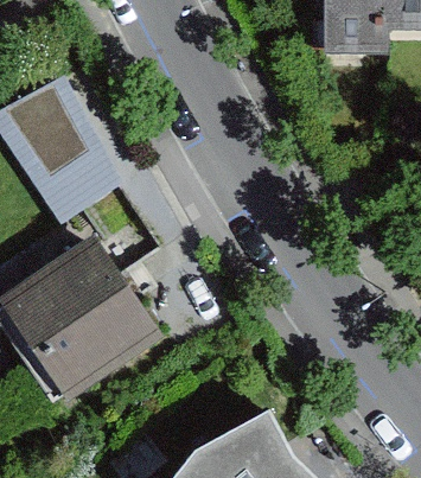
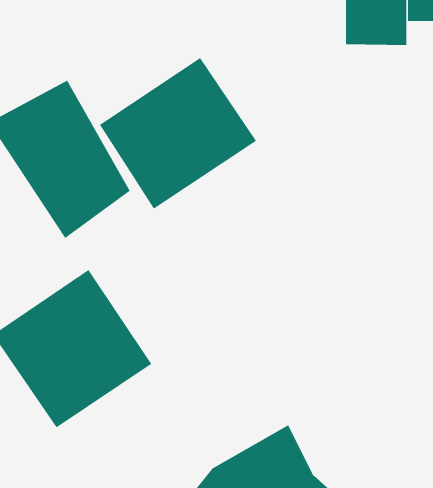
building: none -> [99,57,257,209]

